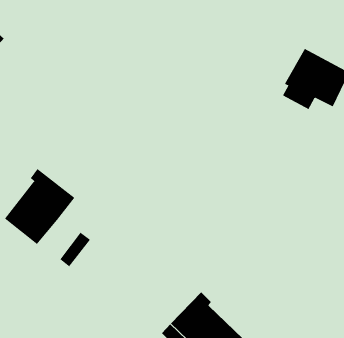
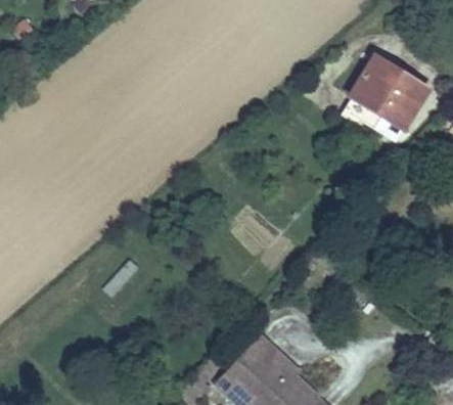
building: [4,168,75,245] -> none

